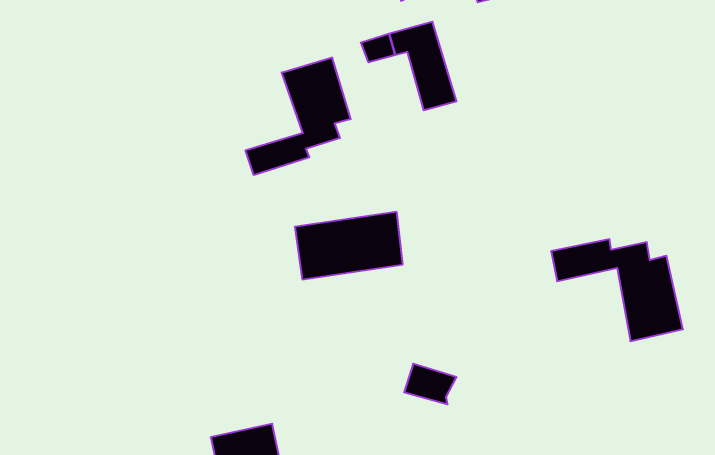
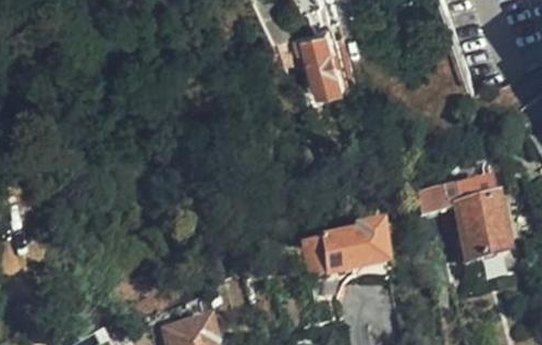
building: [246,57,351,175] -> none
building: [295,212,403,279] -> [307,224,385,273]

